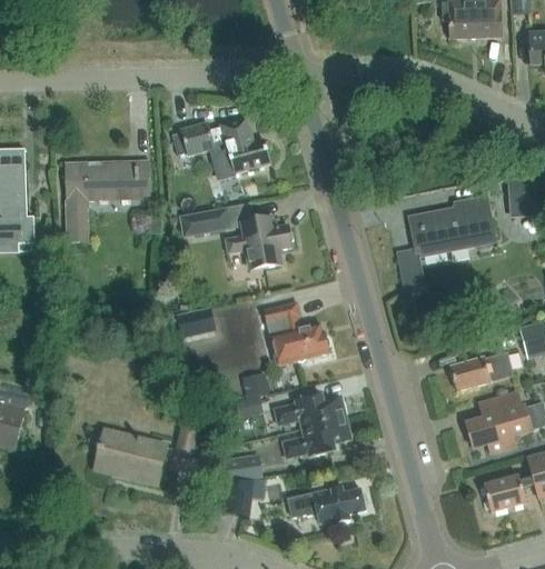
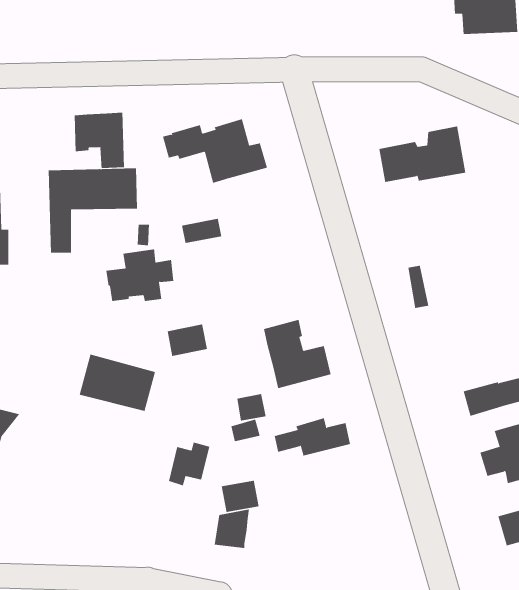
building: none -> [74,112,124,169]
building: [410,198,492,250] -> [378,126,466,182]
building: [227,216,290,264] -> [106,249,174,302]
building: [283,417,353,458] -> none
building: [95,429,166,482] -> [79,354,156,412]
building: [288,487,366,525] -> none

